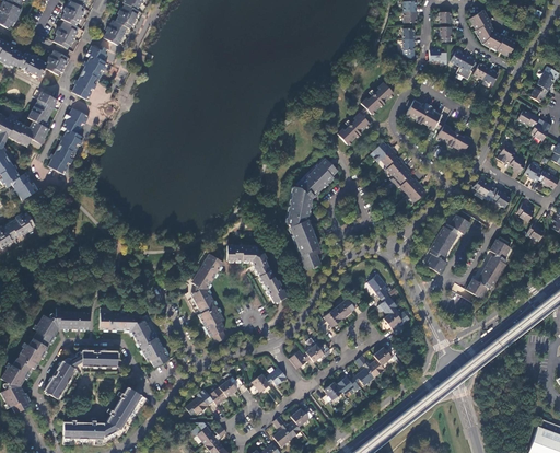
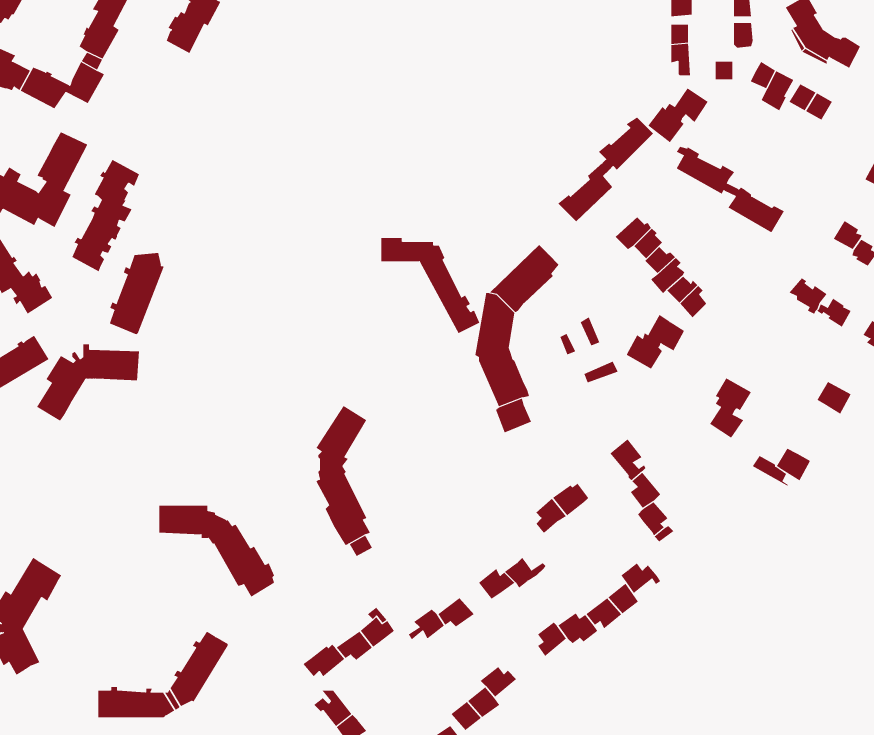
building: [71,44,109,100] -> none
building: none -> [648,88,709,143]
building: none -> [109,252,164,335]
building: [435,212,470,245] -> [626,314,685,370]
building: [228,245,287,302] -> [380,238,480,334]
building: [478,253,505,288] -> none
building: [28,307,90,353] -> [36,344,140,422]
building: [44,349,117,398] -> none

